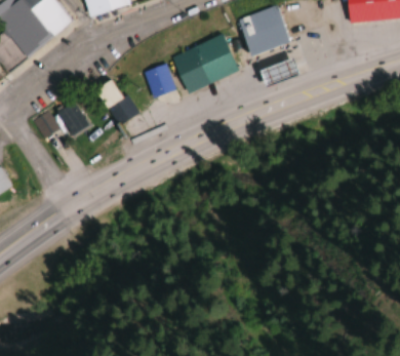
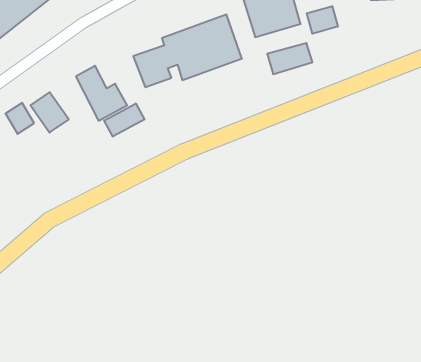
building: none -> [307,6,338,34]
building: none -> [104,103,145,137]

